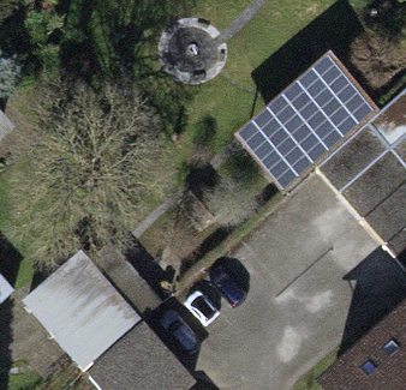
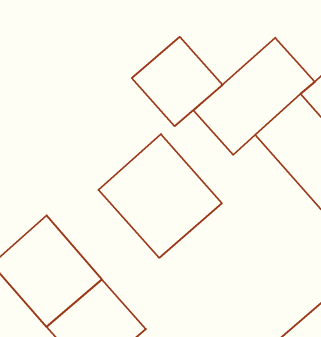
building: none -> [132,37,222,126]
building: none -> [98,134,222,258]

